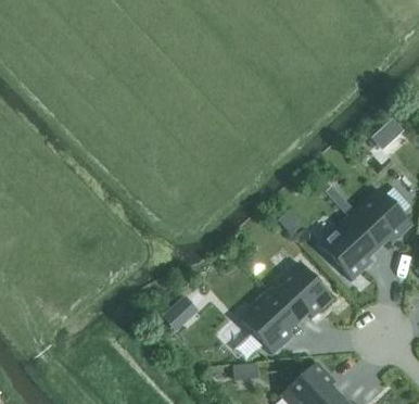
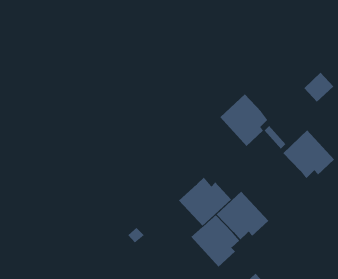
building: [318,216,377,280] -> [220,94,268,147]
building: none -> [178,177,232,226]

